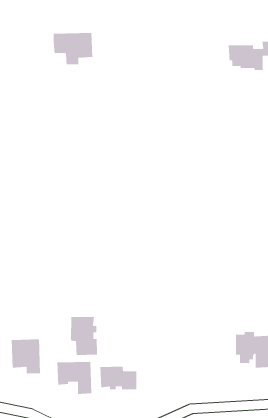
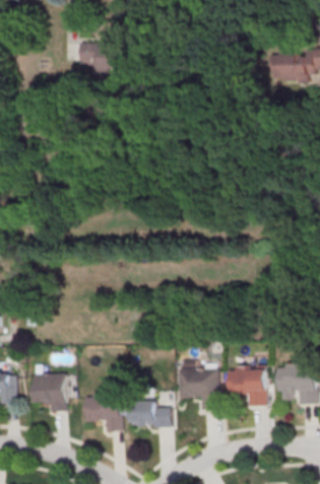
building: [70,316,98,356] -> none
building: none -> [228,362,266,402]
building: none -> [178,368,218,410]

